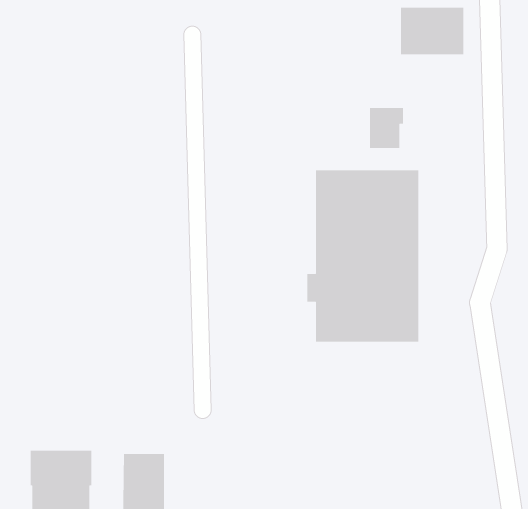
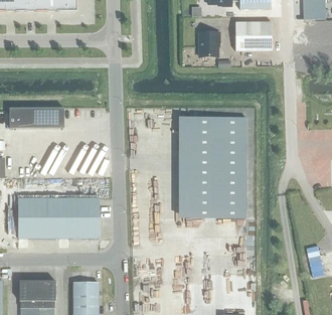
building: [369,107,404,149] -> [199,31,219,55]
building: none -> [9,107,64,127]
building: none -> [18,196,99,238]

